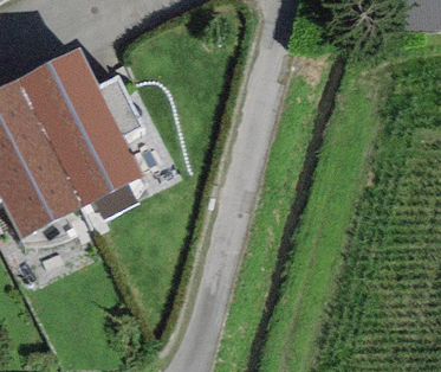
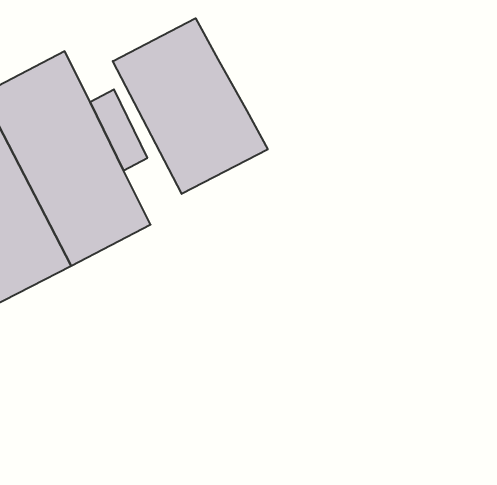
building: none -> [113,18,268,194]

